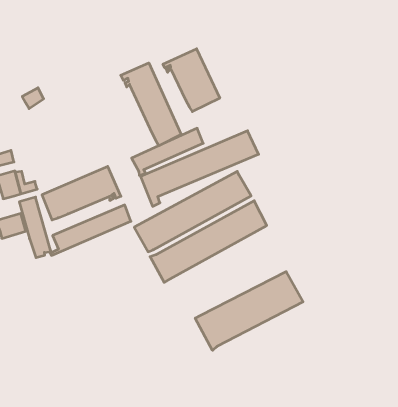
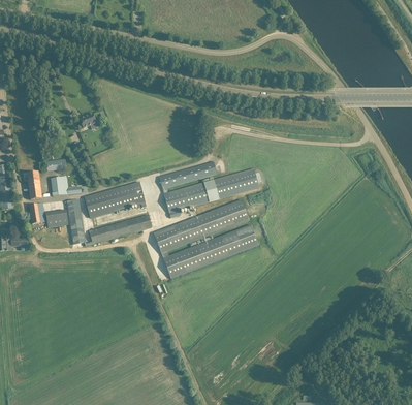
building: [163,49,220,112] -> none
building: [121,63,181,146] -> none
building: [195,272,303,350] -> none

